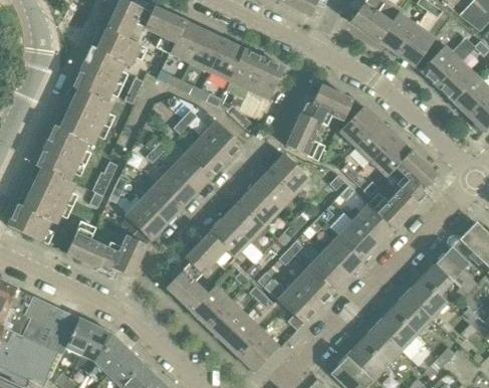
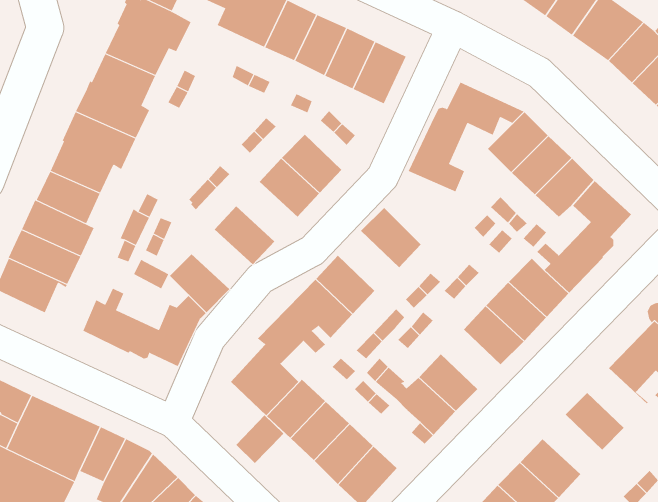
building: [171,152,212,192] -> none
building: [270,154,310,194] -> none
building: [141,184,182,224] -> none
building: [239,185,280,225] -> none
building: [308,251,348,292] -> none
building: [407,277,447,318] -> none
building: none -> [235,414,284,464]
building: [377,309,417,349] -> none

